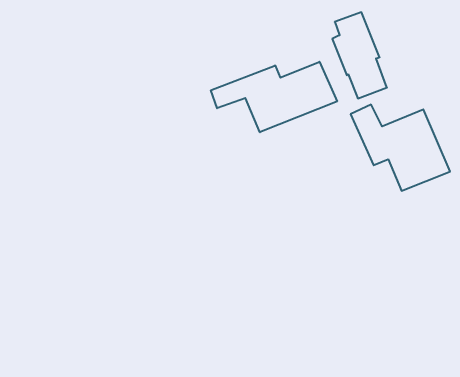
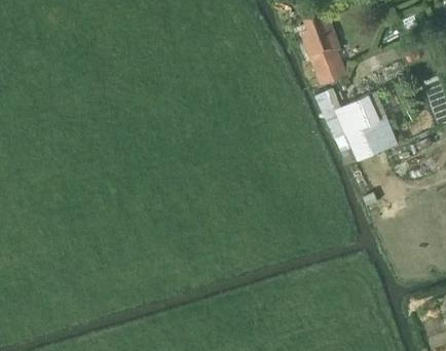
building: [211,62,337,132] -> none

